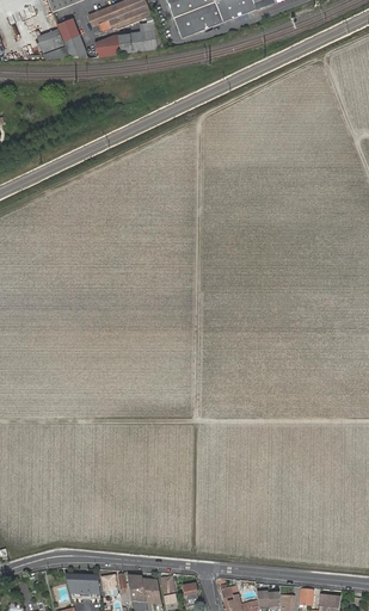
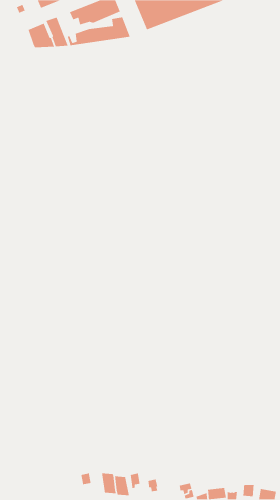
building: [64,573,100,599] -> none

